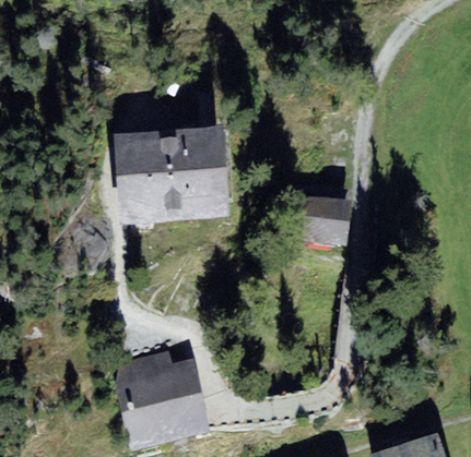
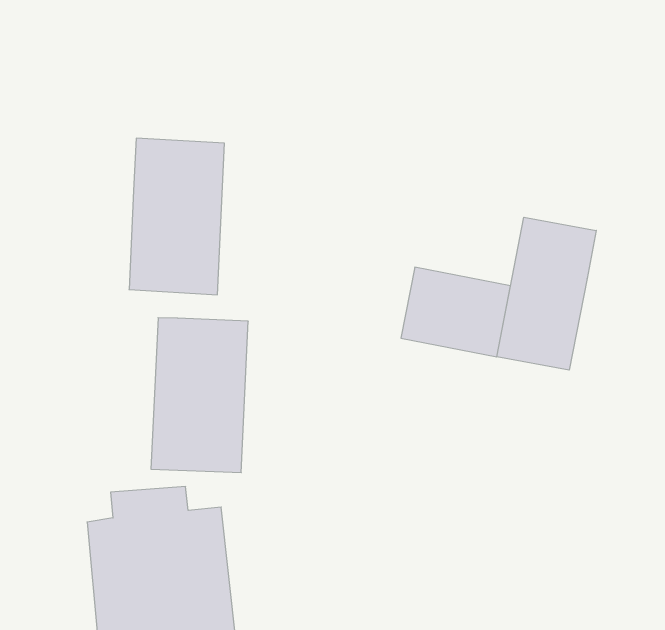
building: [169,128,231,224] -> [151,318,248,473]
building: none -> [497,217,596,370]

